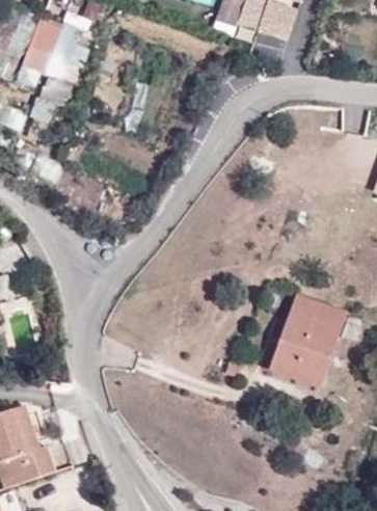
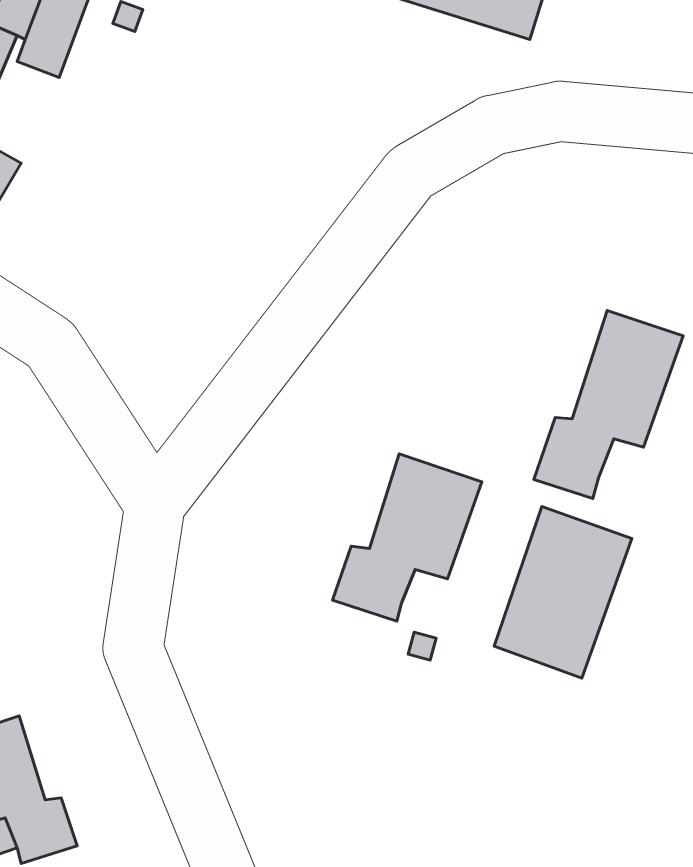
building: none -> [534,310,683,498]
building: none -> [333,454,482,621]

